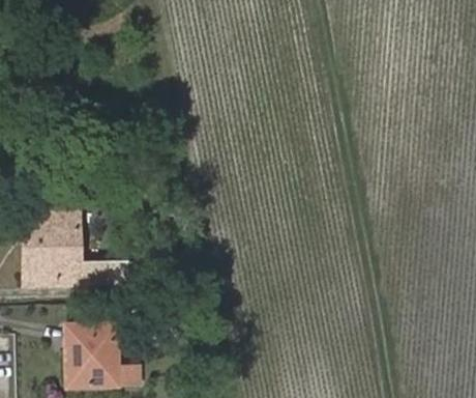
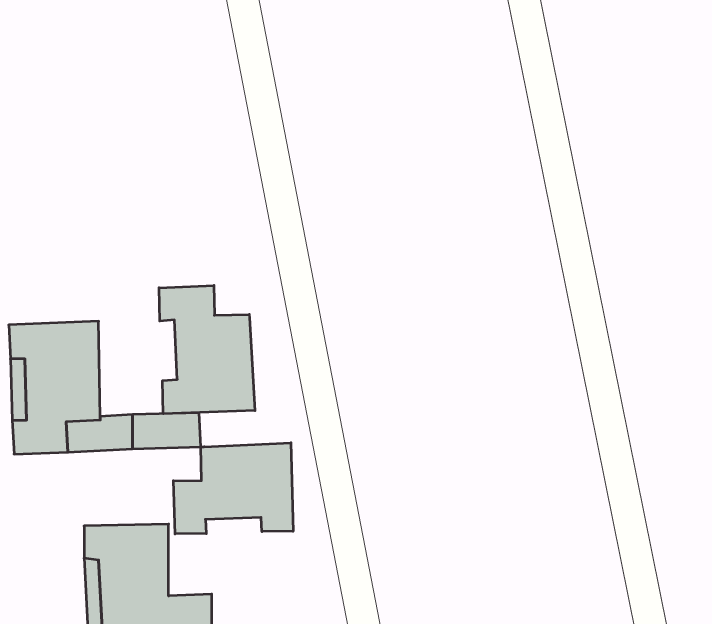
building: none -> [159,285,255,414]
building: none -> [173,443,293,534]

